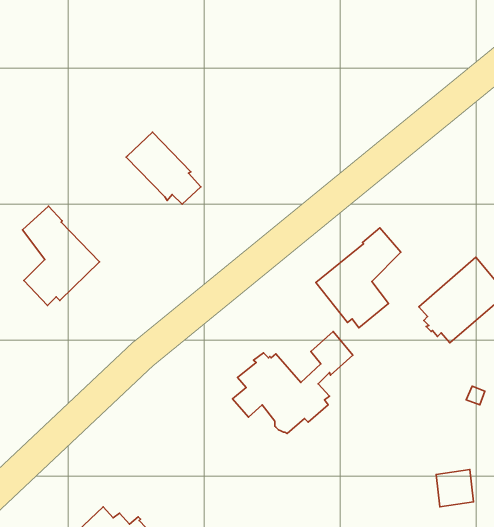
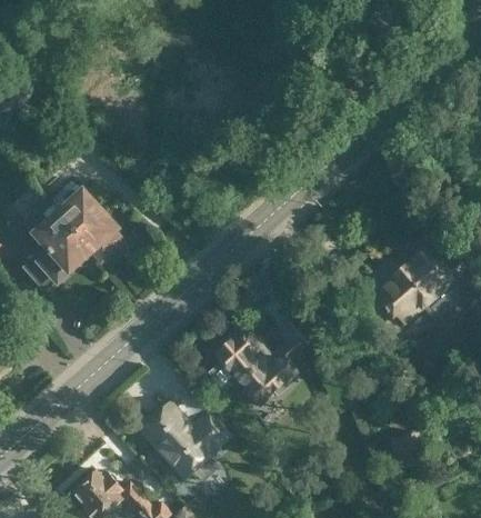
building: [126,132,201,204] -> [56,191,122,256]
building: [316,228,401,328] -> none
building: none -> [138,400,228,478]

